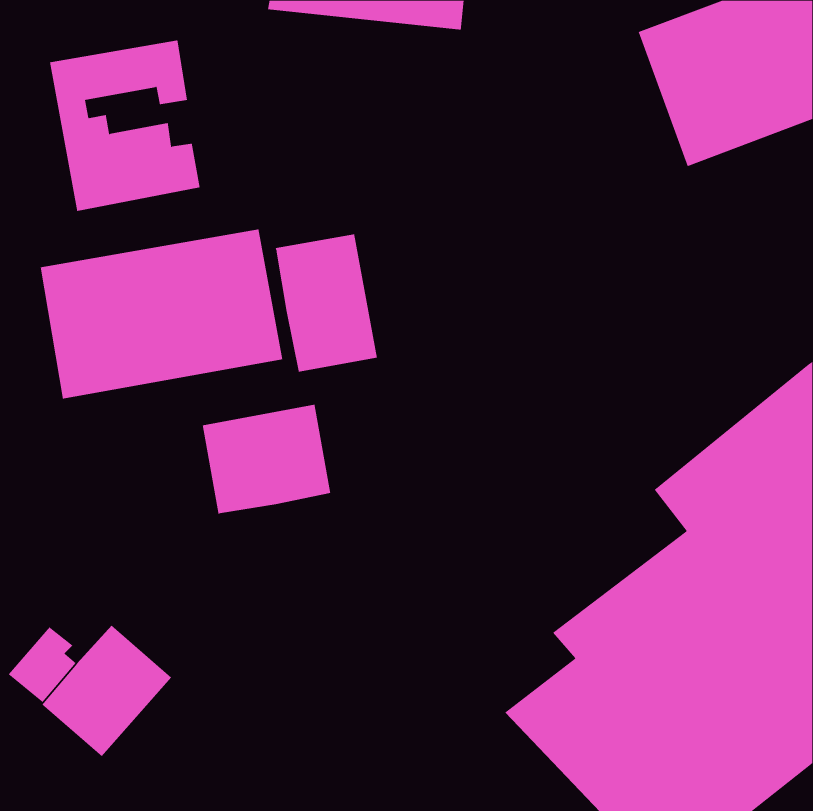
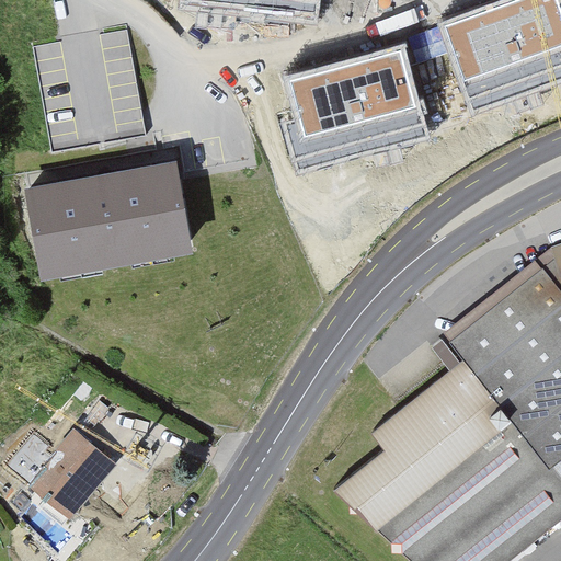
building: none -> [282,41,428,175]
building: [275,233,378,372] -> none
building: [202,404,331,515] -> none

